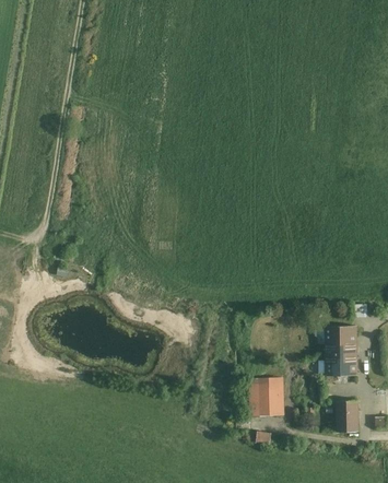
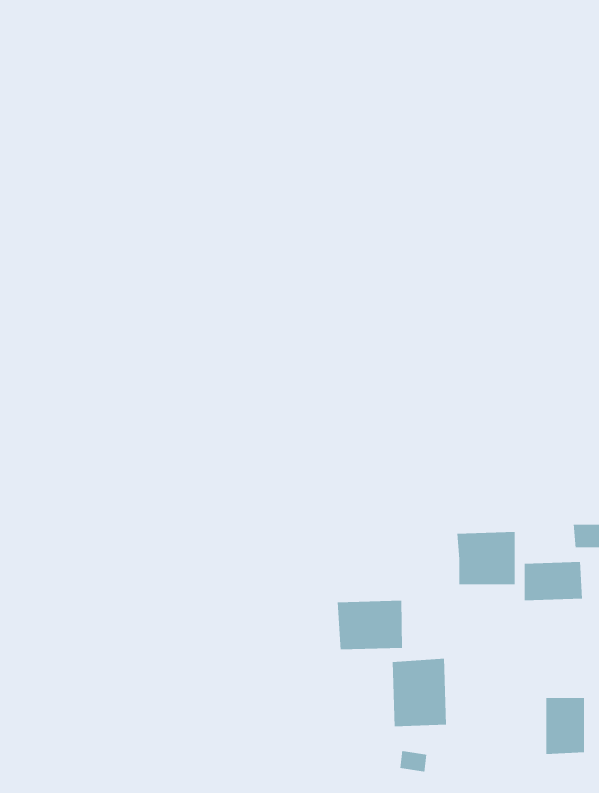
building: [325,345,357,375] -> [457,531,516,585]
building: none -> [337,600,403,650]

